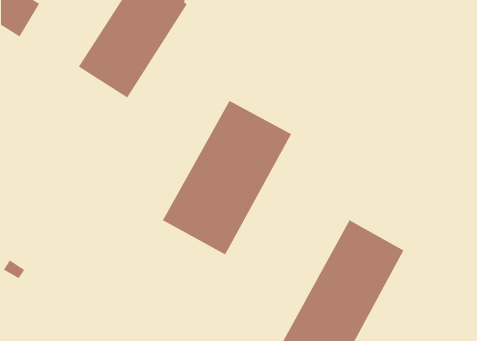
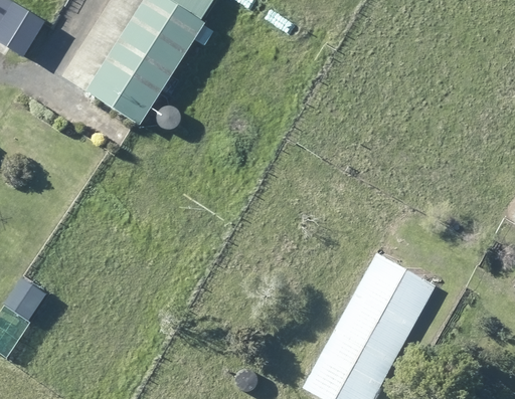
building: [162,100,292,256] -> none

